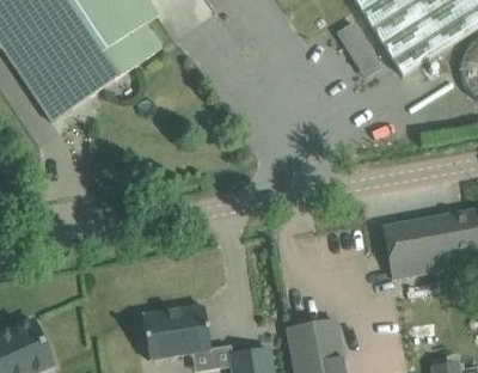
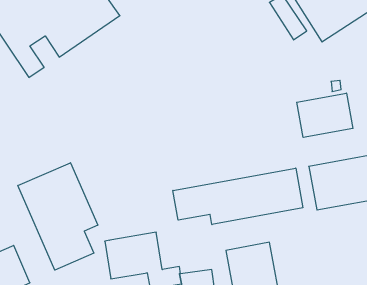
building: none -> [297,93,353,137]
building: none -> [18,163,98,270]
building: none -> [173,168,303,225]

